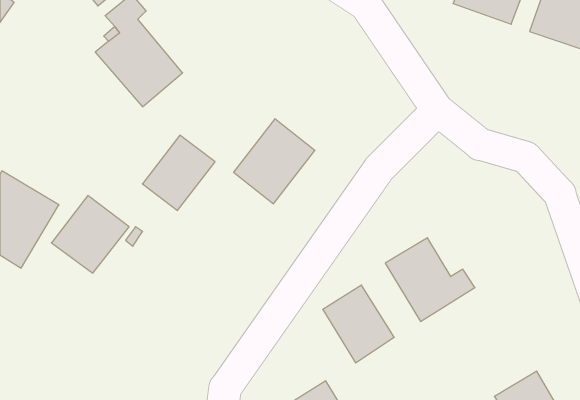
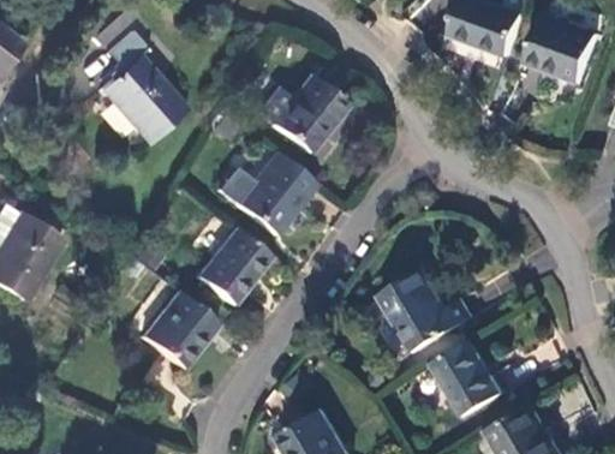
building: none -> [251,78,340,153]
building: [142,135,215,210] -> [196,229,268,304]
building: [51,195,129,273] -> [139,293,216,370]
building: [323,285,394,363] -> [434,340,504,417]

